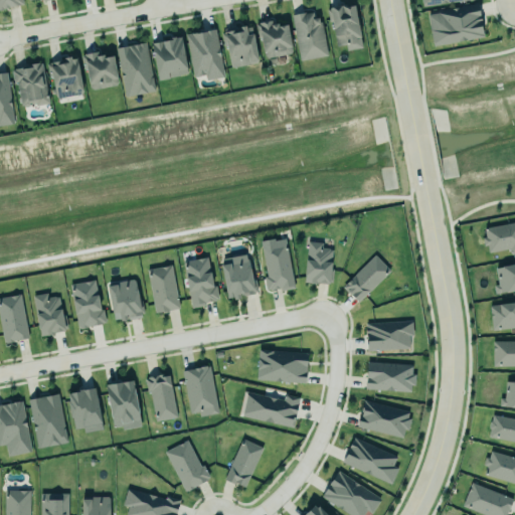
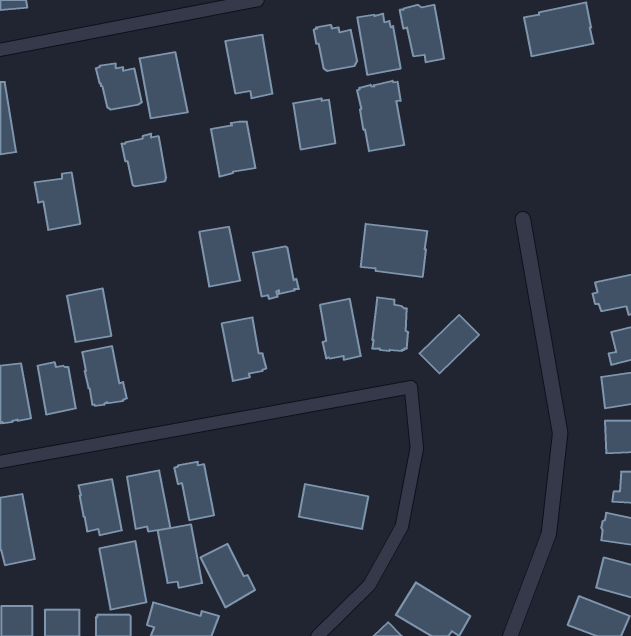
building: [226,27,261,68] -> [293,98,335,149]
building: [152,36,188,80] -> [211,122,256,177]
building: [47,55,83,98] -> [121,134,166,186]
building: [12,60,49,107] -> [34,173,80,230]
building: none -> [357,81,404,151]
building: none -> [361,224,427,277]
building: [221,258,259,300] -> [253,247,299,299]
building: [150,266,183,314] -> [199,227,240,287]
building: [110,279,146,322] -> [67,288,111,342]
building: [365,320,413,350] -> none
building: [258,349,308,382] -> none
building: [366,361,416,391] -> none
building: [183,365,219,416] -> [157,524,202,588]
building: [29,392,67,448] -> [99,541,147,610]
building: [358,399,411,437] -> none
building: [343,438,398,484] -> none
building: [224,439,264,487] -> none

